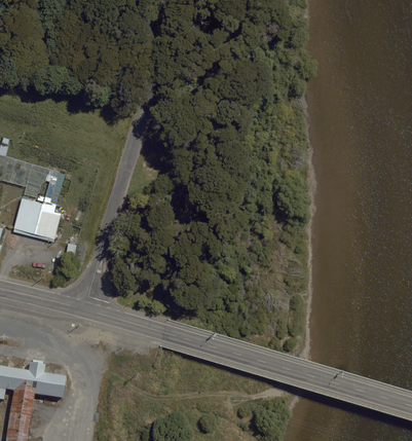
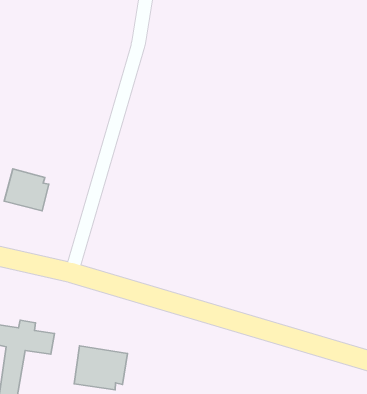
building: none -> [74,346,128,390]

